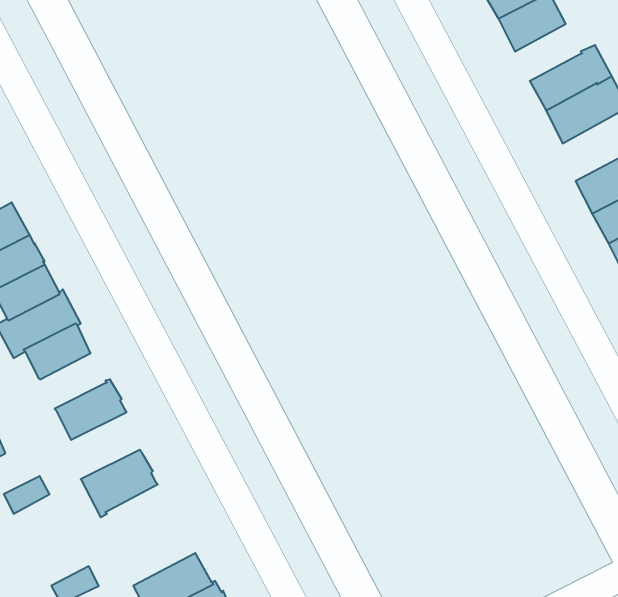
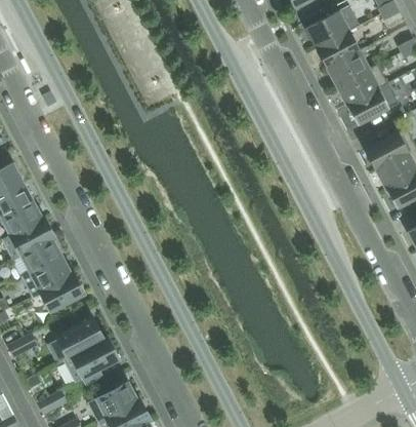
building: none -> [327,51,369,87]
building: none -> [22,258,72,298]
building: none -> [71,337,119,386]

